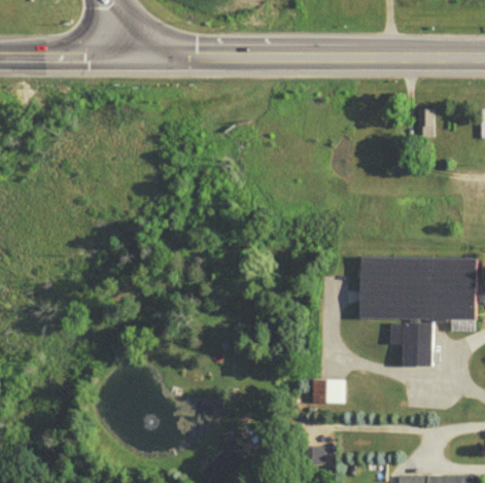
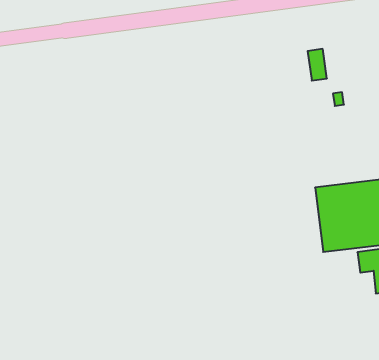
building: [418,109,434,139] -> [308,49,327,81]
building: [309,379,343,405] -> none

